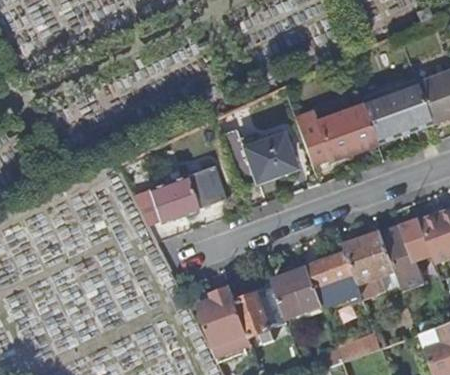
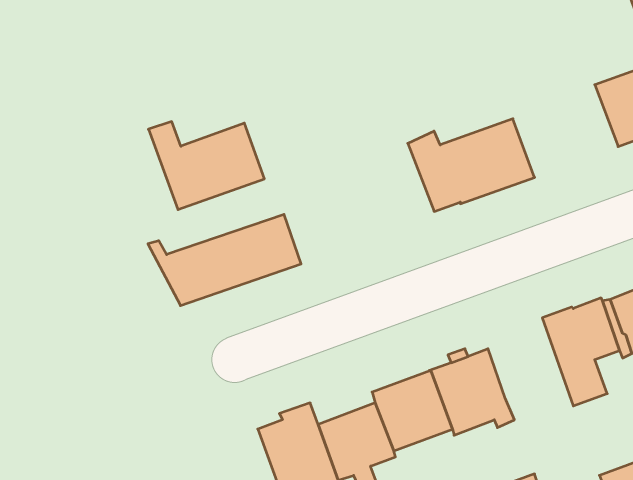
building: [361,80,431,142] -> none
building: [221,131,296,188] -> [148,122,264,210]
building: [343,230,404,297] -> none

